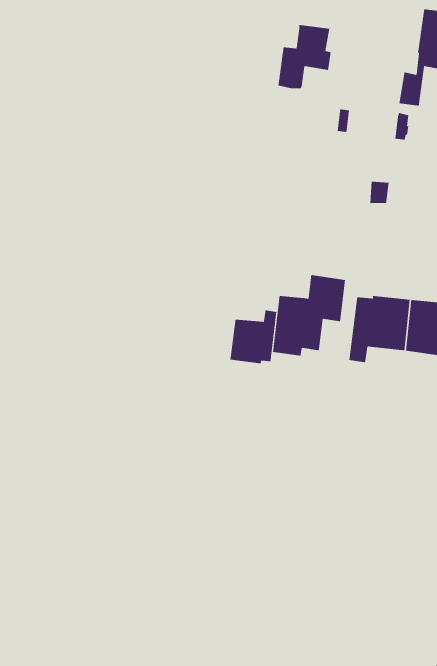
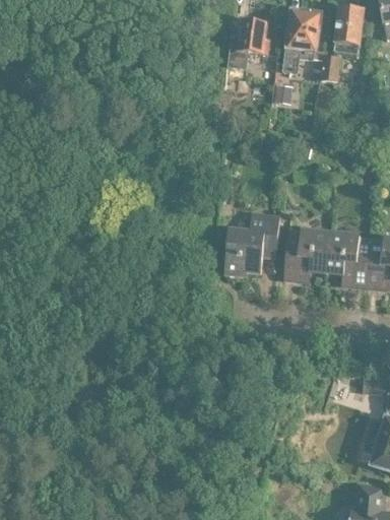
building: none -> [283,12,320,74]
building: [230,310,277,364] -> none

